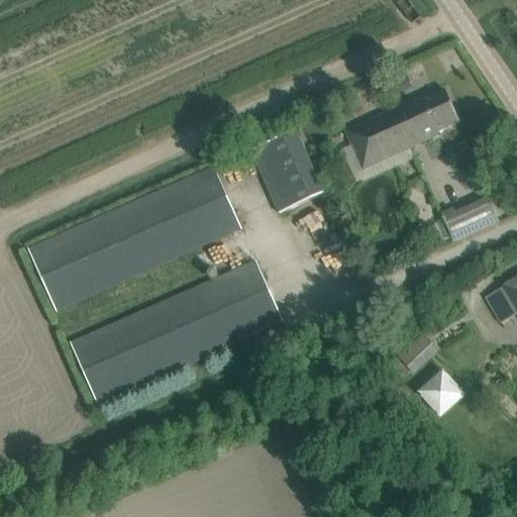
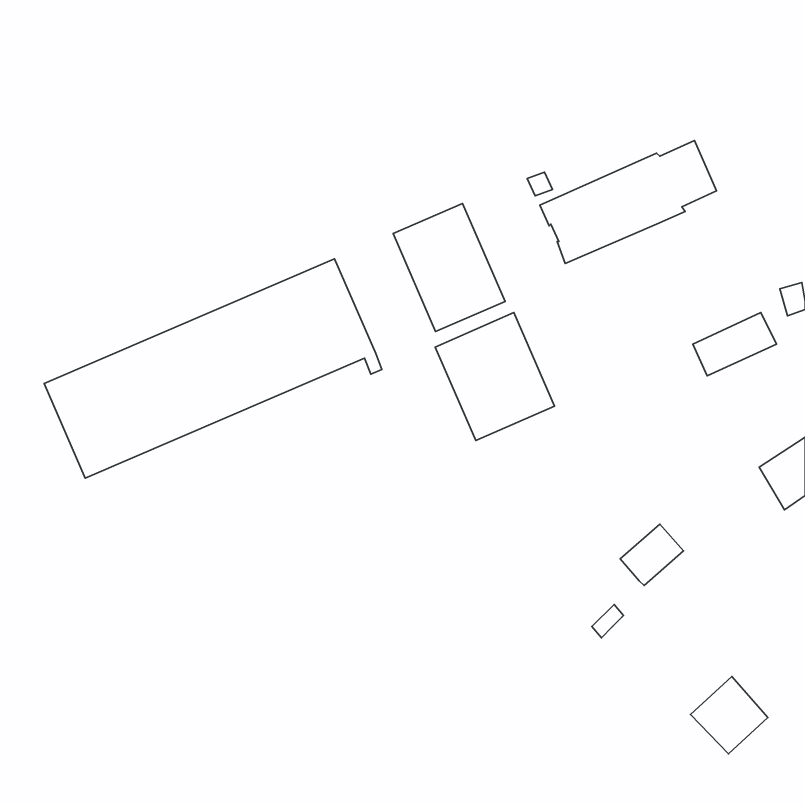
building: none -> [435,313,554,441]
building: [69,250,281,400] -> none
building: [416,368,466,417] -> [691,676,768,754]

